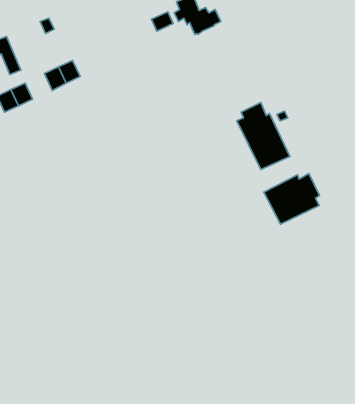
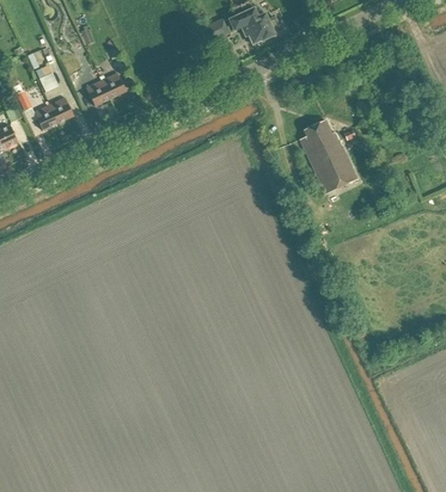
building: [264,173,319,224] -> none

